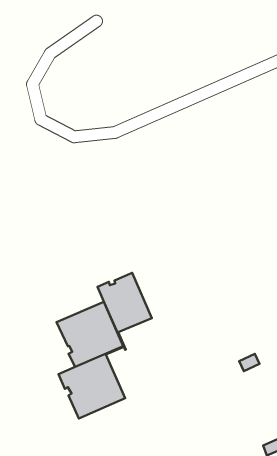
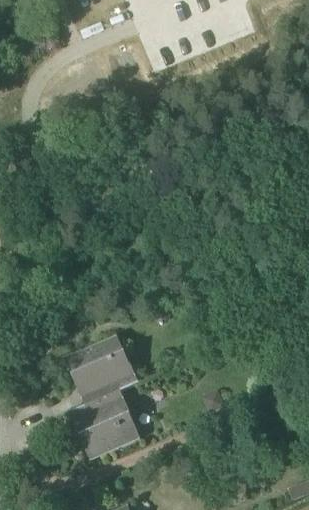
building: [97,273,152,350] -> none

